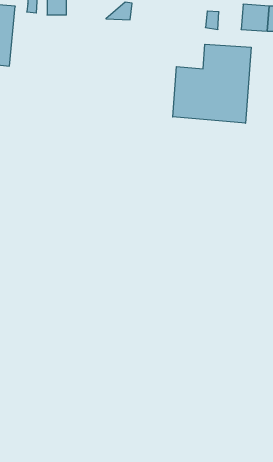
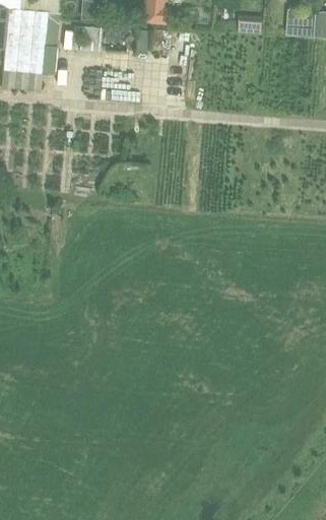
building: [173,44,251,123] -> none

